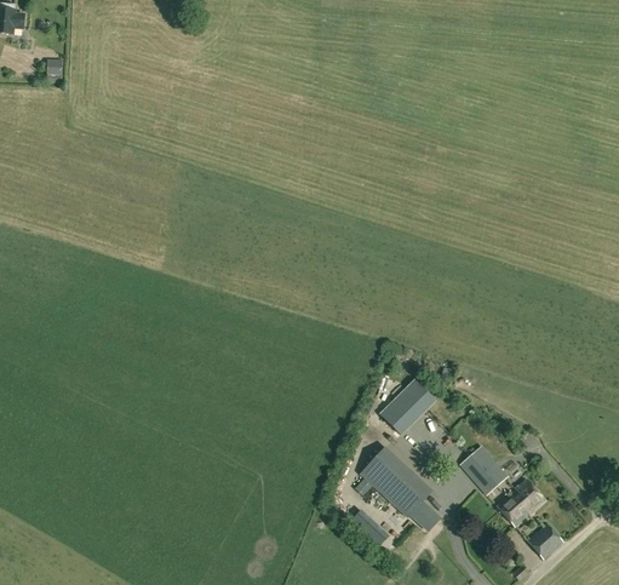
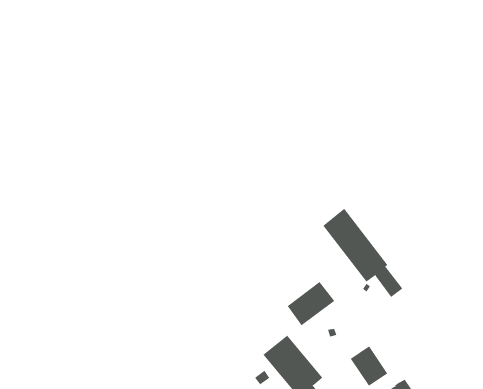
building: none -> [323,208,403,298]

